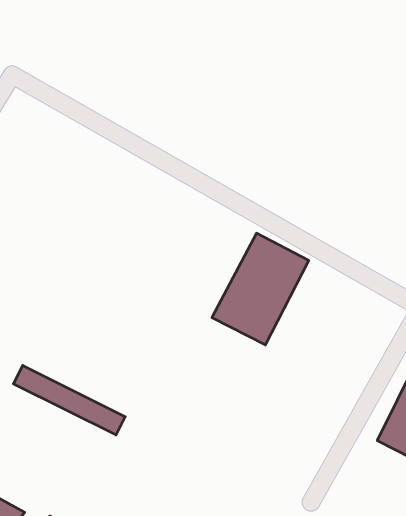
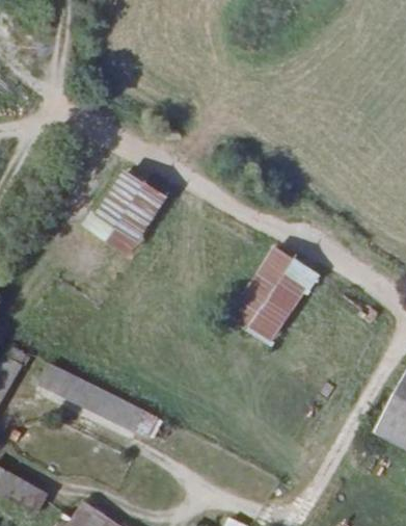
building: none -> [82,168,167,258]

